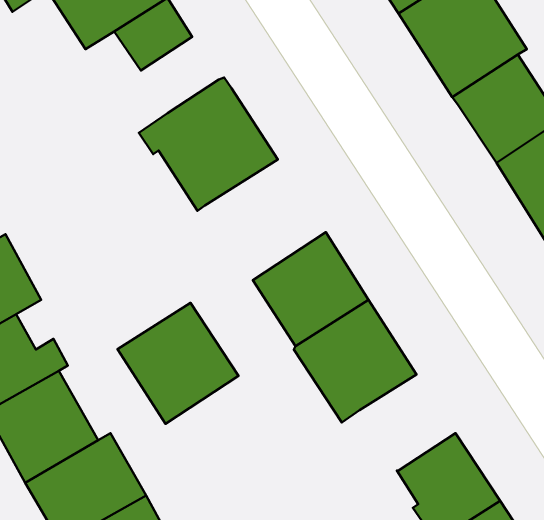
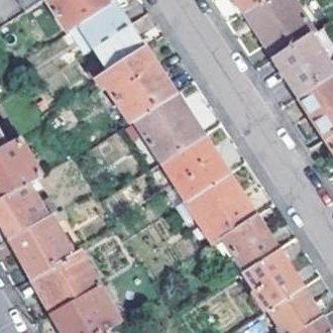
building: none -> [96,24,140,68]
building: [118,303,239,424] -> [132,94,201,162]
building: none -> [220,216,274,270]

